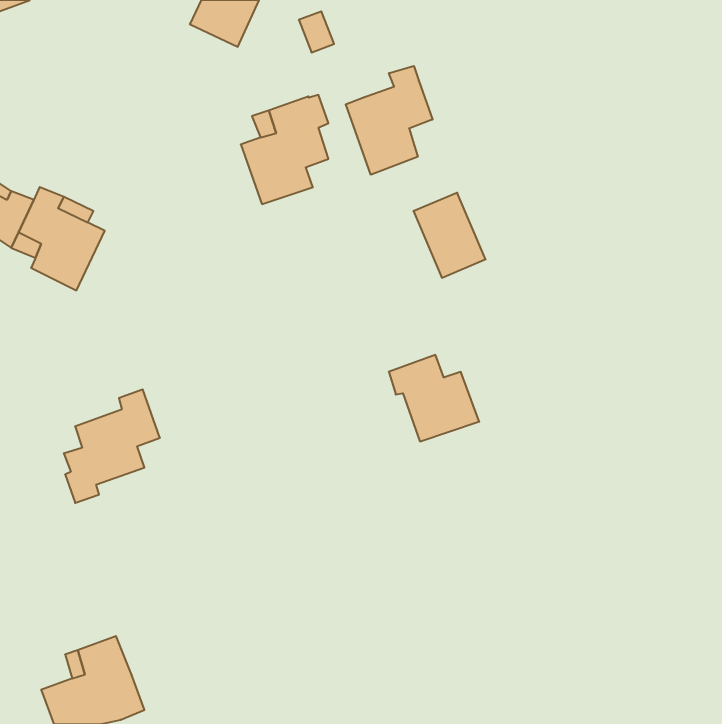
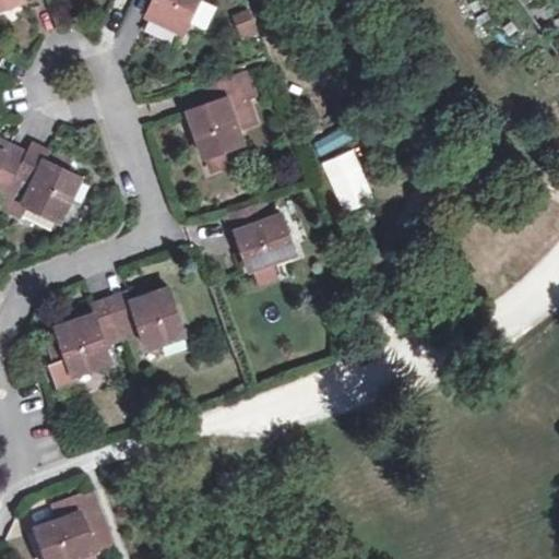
building: [346,66,433,175] -> none
building: [389,355,479,441] -> [227,203,297,270]
building: none -> [110,288,186,347]

